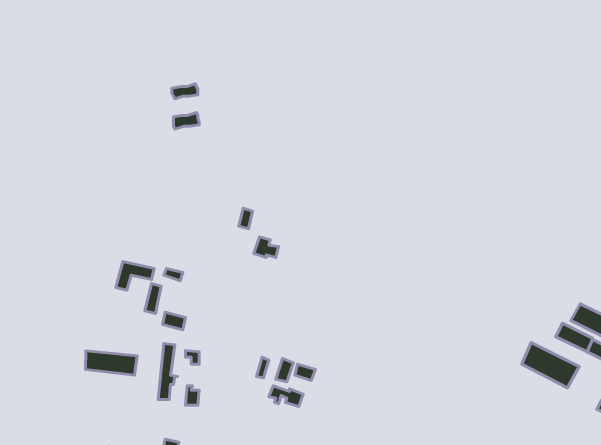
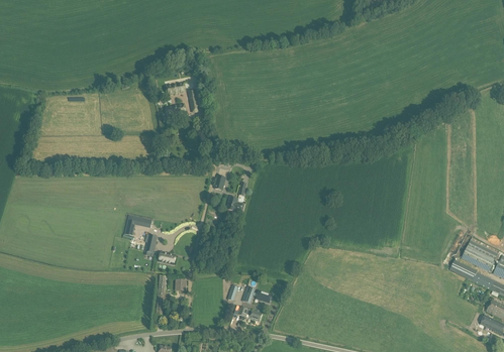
building: [522,342,579,388] -> none
building: [85,351,137,375] -> none

